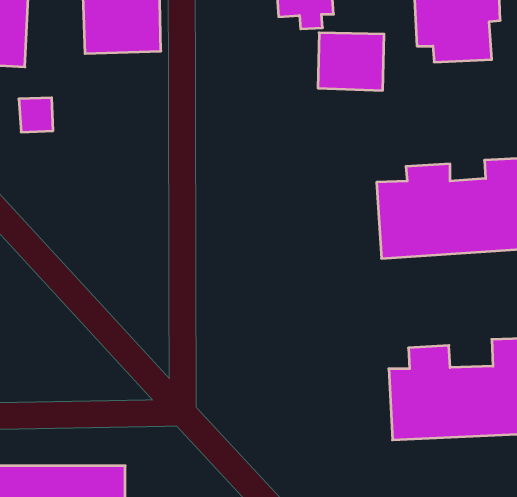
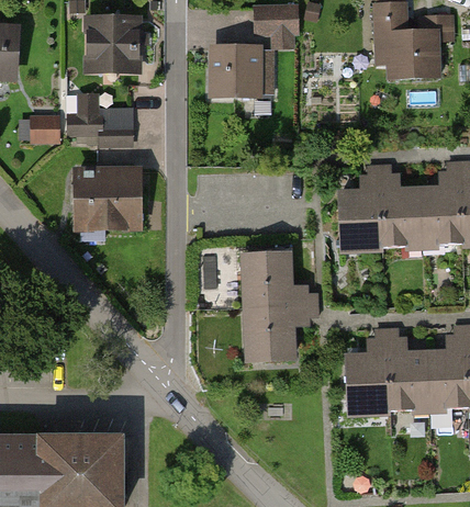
building: [318,33,384,90] -> [206,43,266,94]
building: none -> [55,87,122,139]
building: none -> [71,169,153,232]
building: none -> [245,251,298,360]

